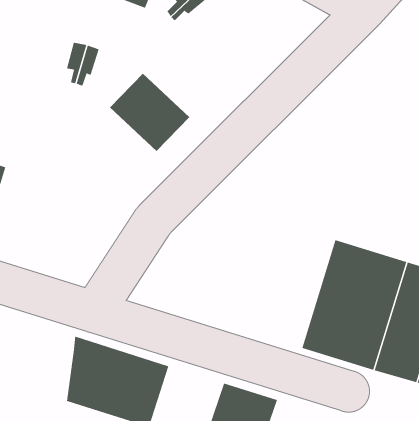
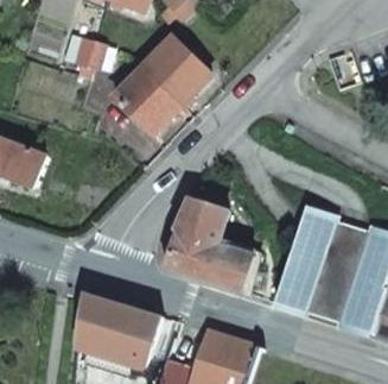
building: none -> [140,36,210,105]
building: none -> [161,197,253,291]

